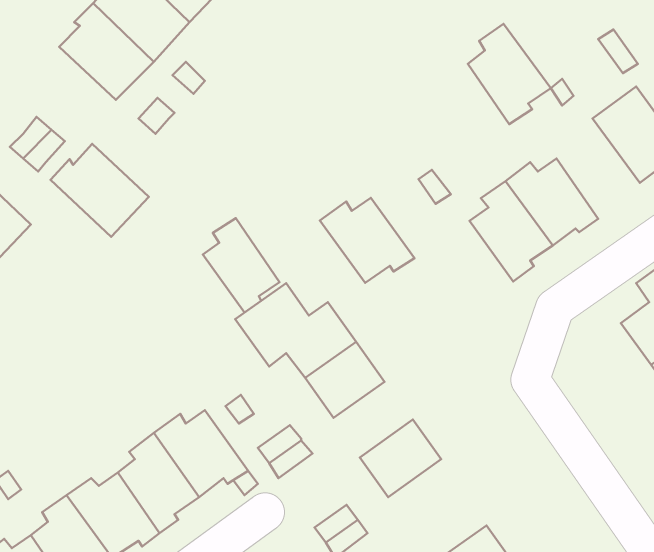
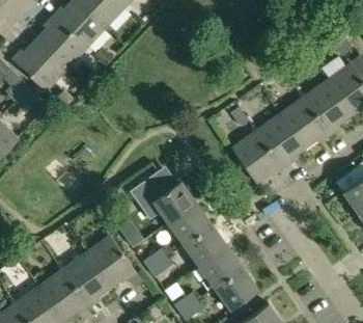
building: [468,24,551,124] -> [306,80,352,135]
building: [51,144,149,237] -> [10,41,64,91]
building: [320,198,414,283] -> [230,136,282,183]
building: [203,218,280,312] -> none
building: none -> [184,224,227,266]
building: none -> [214,267,258,309]

